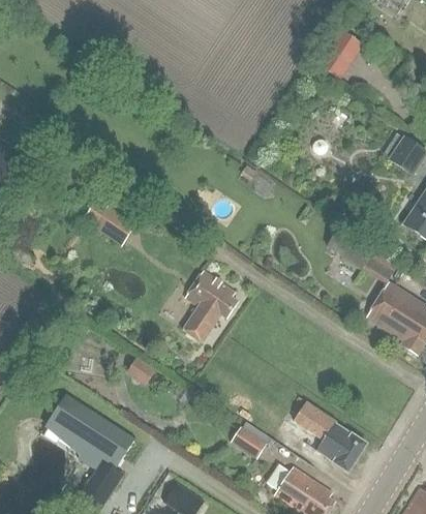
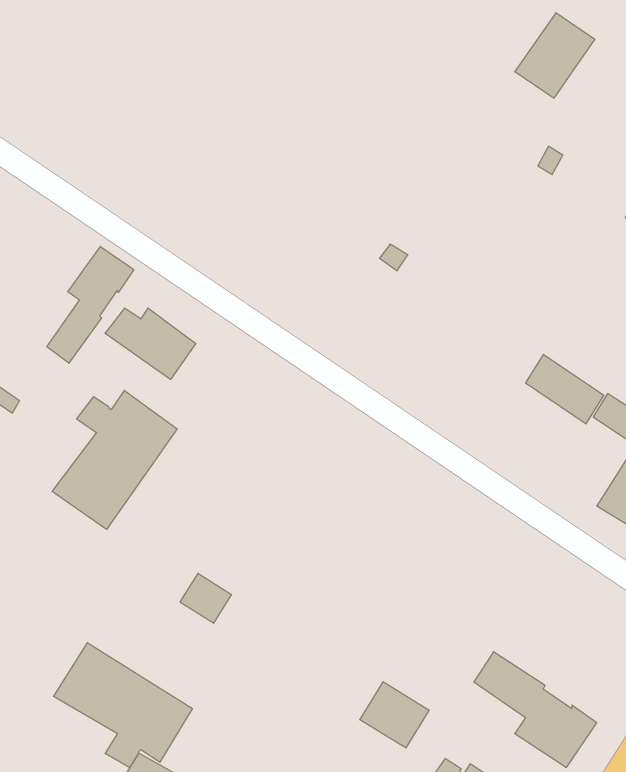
building: none -> [47,246,134,363]
building: none -> [52,390,177,529]
building: [183,271,239,342] -> none

